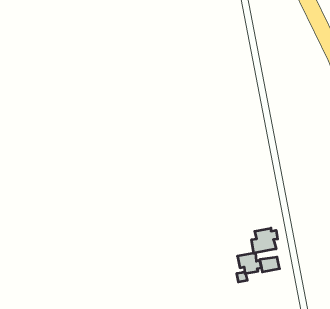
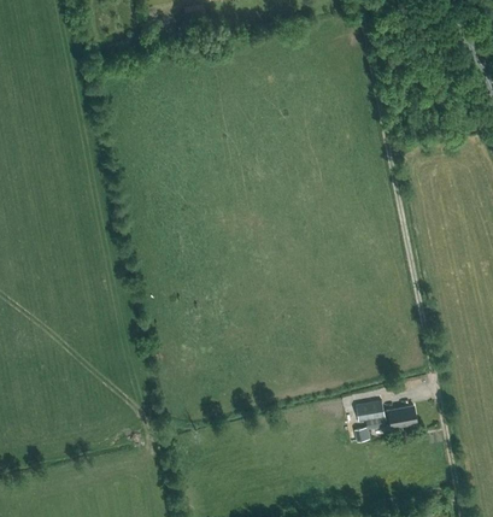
building: [252,228,278,253] -> none

